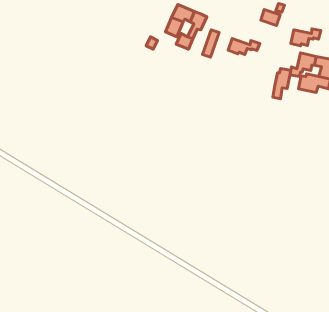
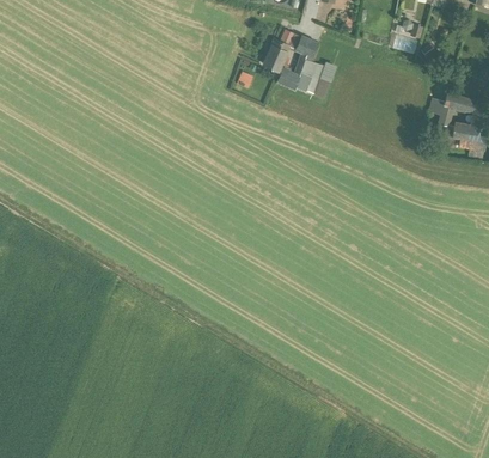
building: [291,29,321,46] -> none
building: [228,38,260,54] -> none
building: [273,68,291,99] -> none

